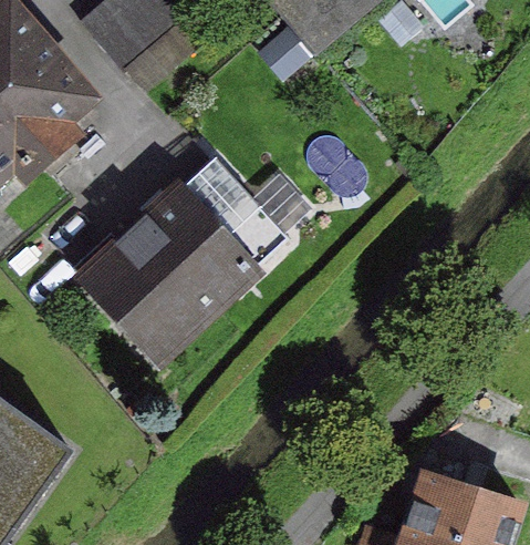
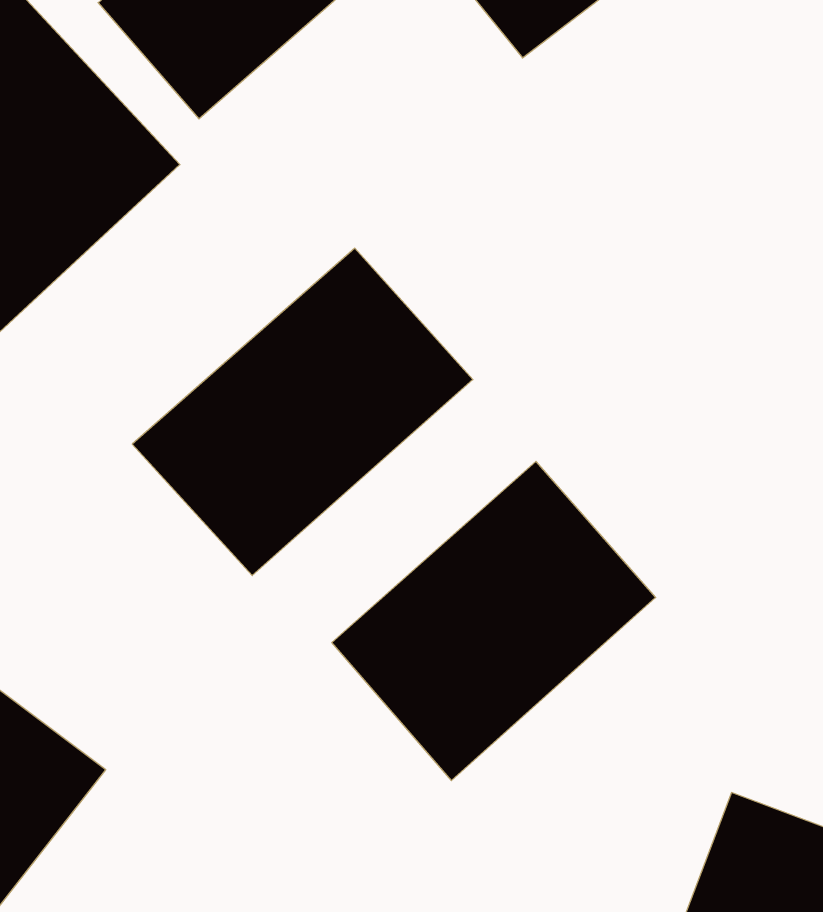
building: none -> [332,461,656,781]

